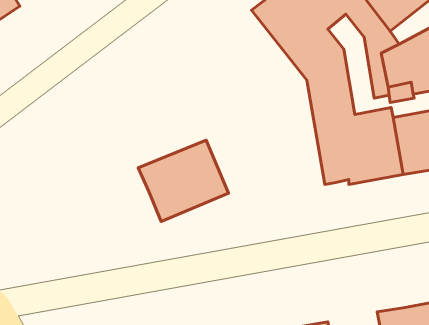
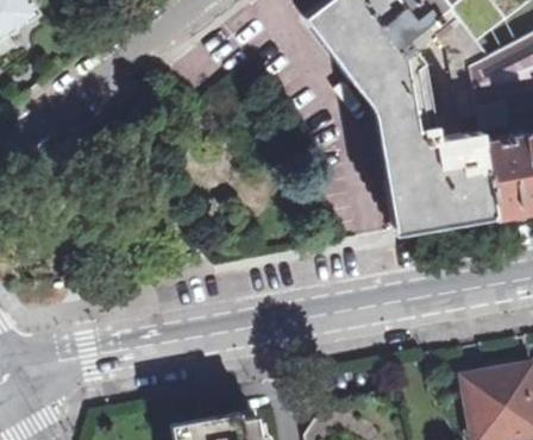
building: [138,140,228,222] -> none

